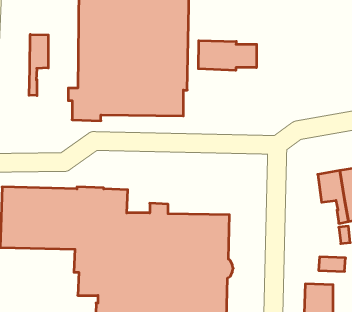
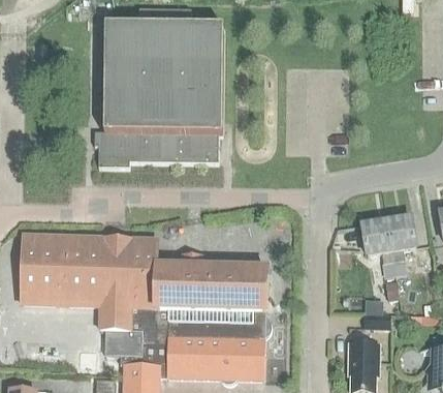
building: [29,34,48,96] -> none
building: [198,41,257,70] -> none

